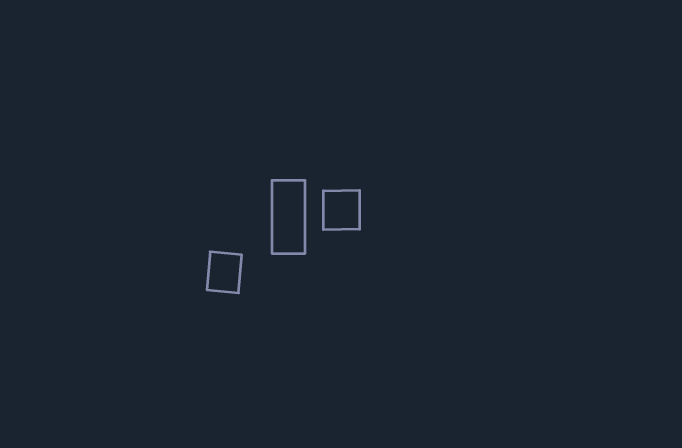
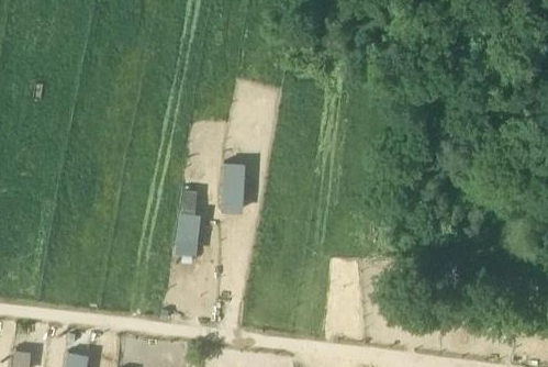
building: [323,190,360,230] -> none

